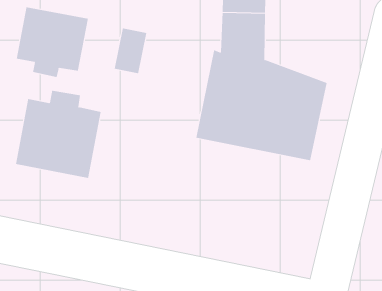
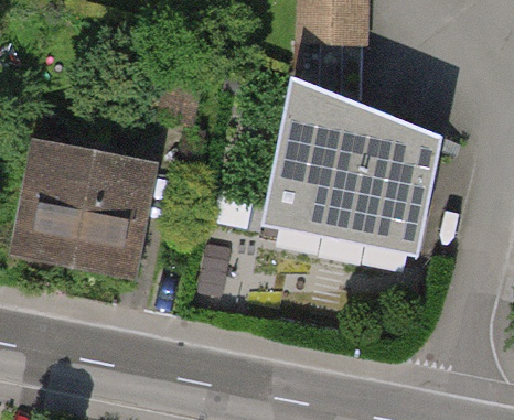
building: [16,7,88,78] -> none

